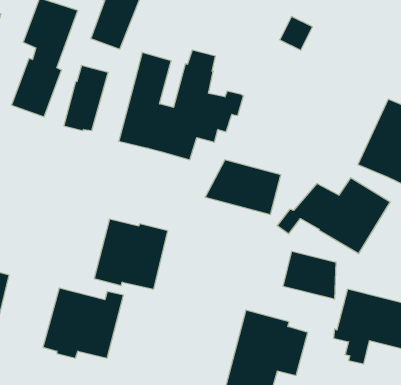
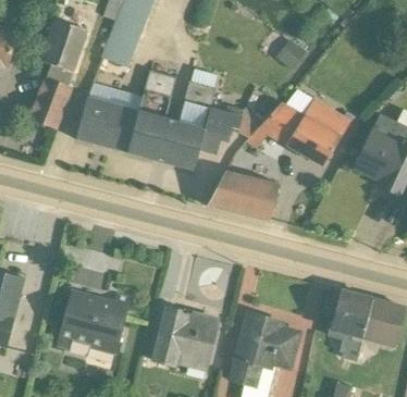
building: none -> [102,88,143,152]
building: [277,178,390,254] -> [246,97,352,168]
building: [94,219,168,289] -> [151,306,220,371]
building: [283,251,336,299] -> none

